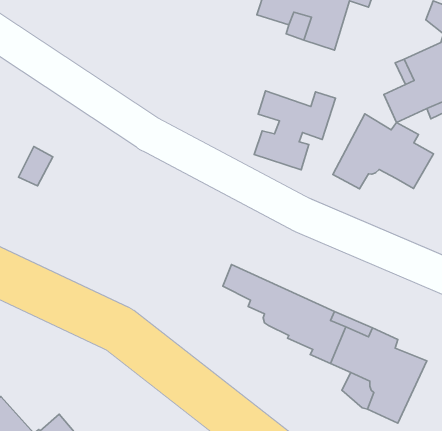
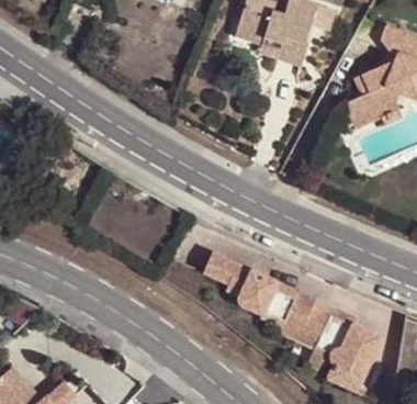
building: [254,91,336,170] -> none
building: [333,114,433,189] -> none

